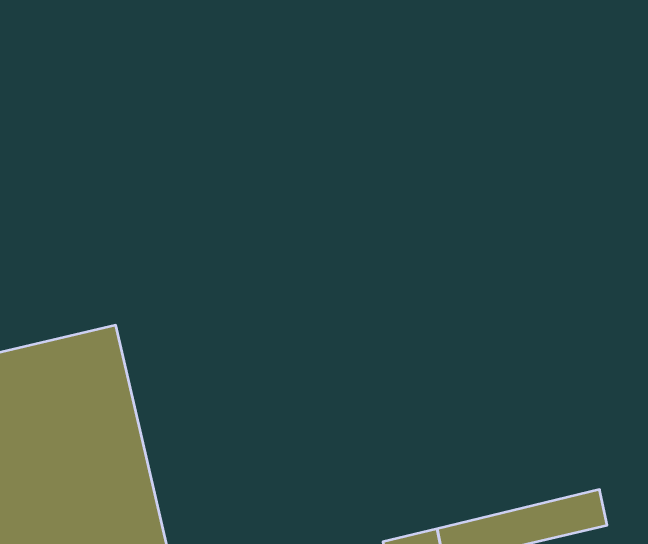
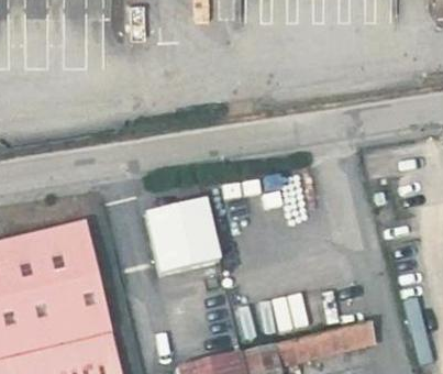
building: none -> [144,204,219,279]

